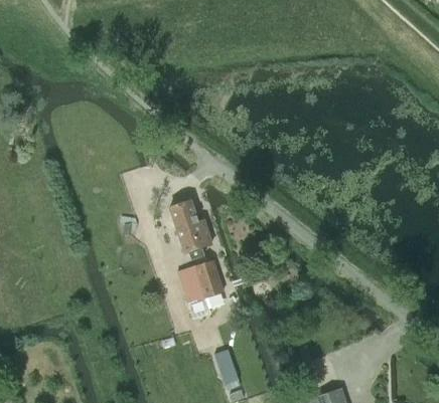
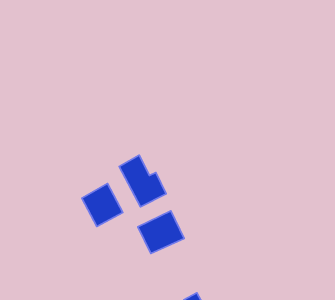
building: none -> [82,183,123,226]

